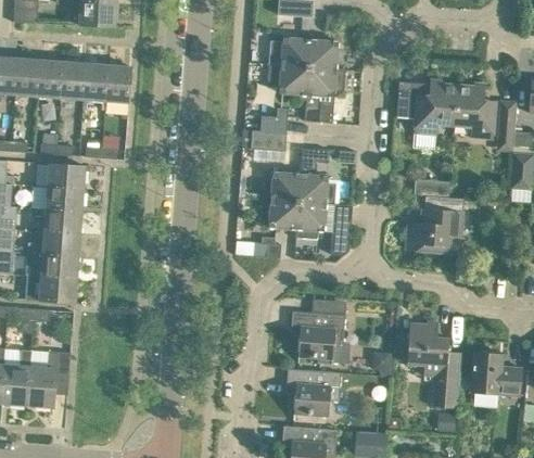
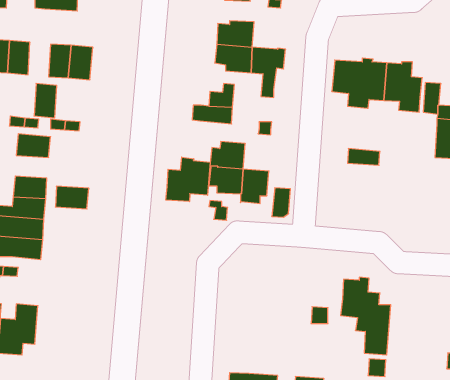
building: [308,38,339,68] -> none
building: [61,61,86,99] -> [34,83,57,118]
building: [298,173,334,204] -> none
building: [47,186,84,211] -> [55,186,89,209]
building: none -> [166,157,210,202]
building: [406,207,462,252] -> none
building: [291,310,349,364] -> none
building: [471,351,522,395] -> none
building: [287,368,341,419] -> none

